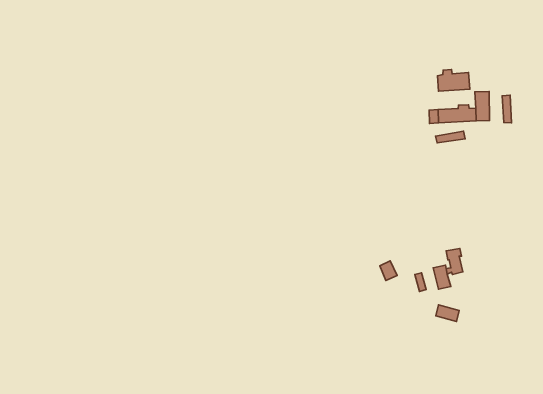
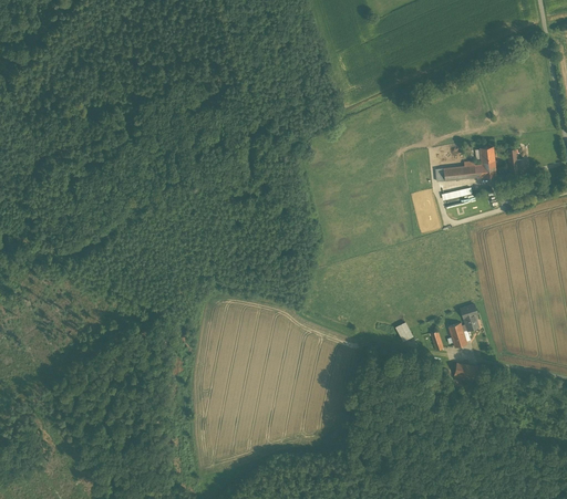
building: [437,70,470,91] -> none

